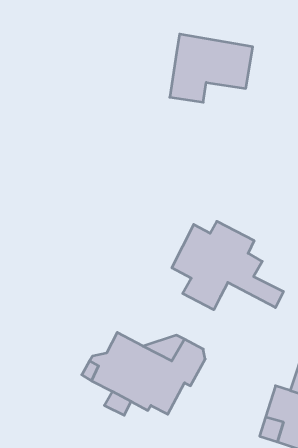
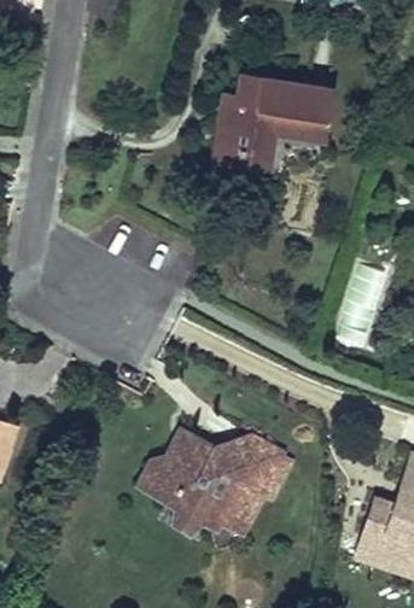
building: none -> [216,92,279,173]
building: [172,221,283,310] -> none

